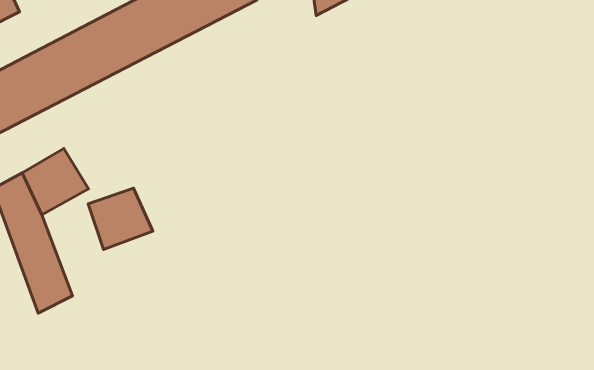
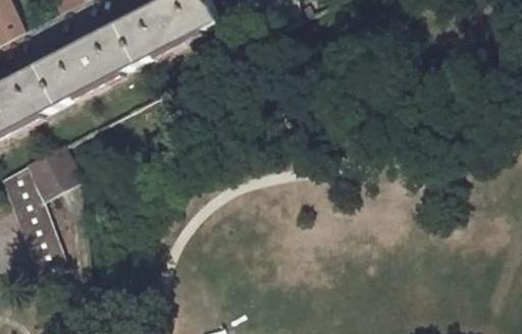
building: [88,188,153,250] -> none

